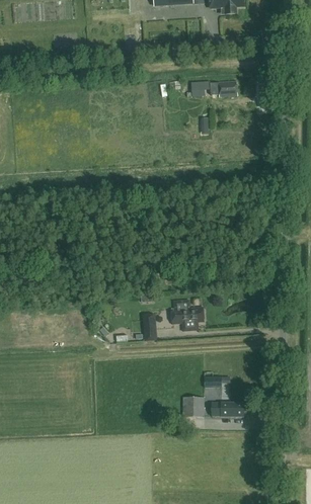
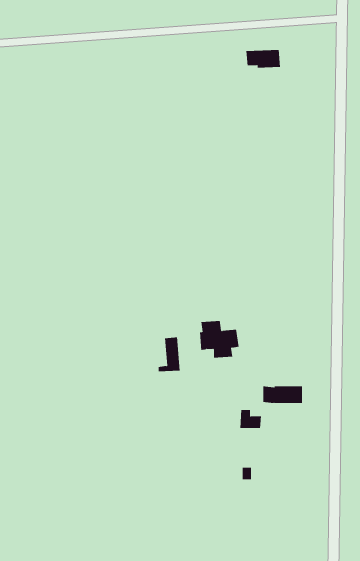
building: [183,398,204,418] -> none
building: [211,403,243,417] -> [263,386,303,403]

